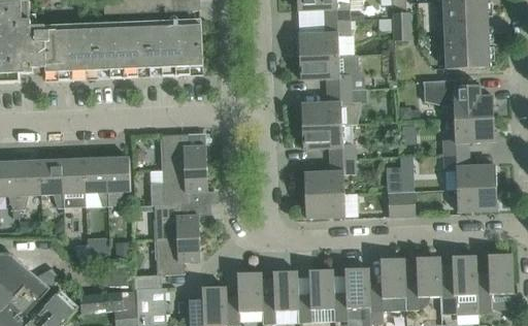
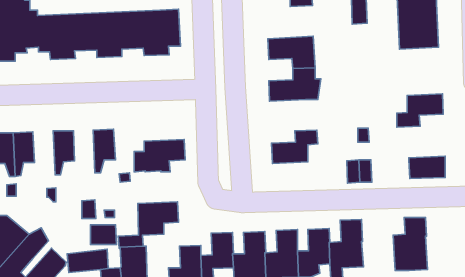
building: [298,20,350,57] -> none
building: [422,79,493,120] -> none
building: [301,124,354,159] -> none
building: [160,133,206,170] -> none
building: [442,154,496,189] -> none
building: [84,158,107,205] -> none
building: [38,159,63,207] -> none
building: [304,193,344,218] -> none
building: [153,203,199,239] -> none
building: [474,253,513,314] -> none
building: [403,256,439,309] -> none

